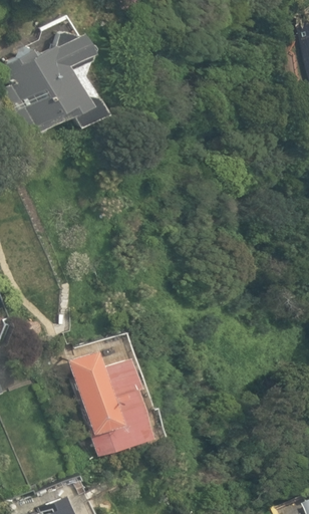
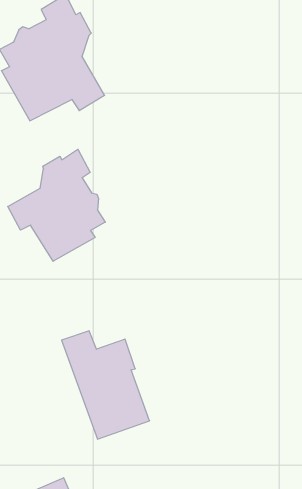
building: none -> [8,149,105,261]

